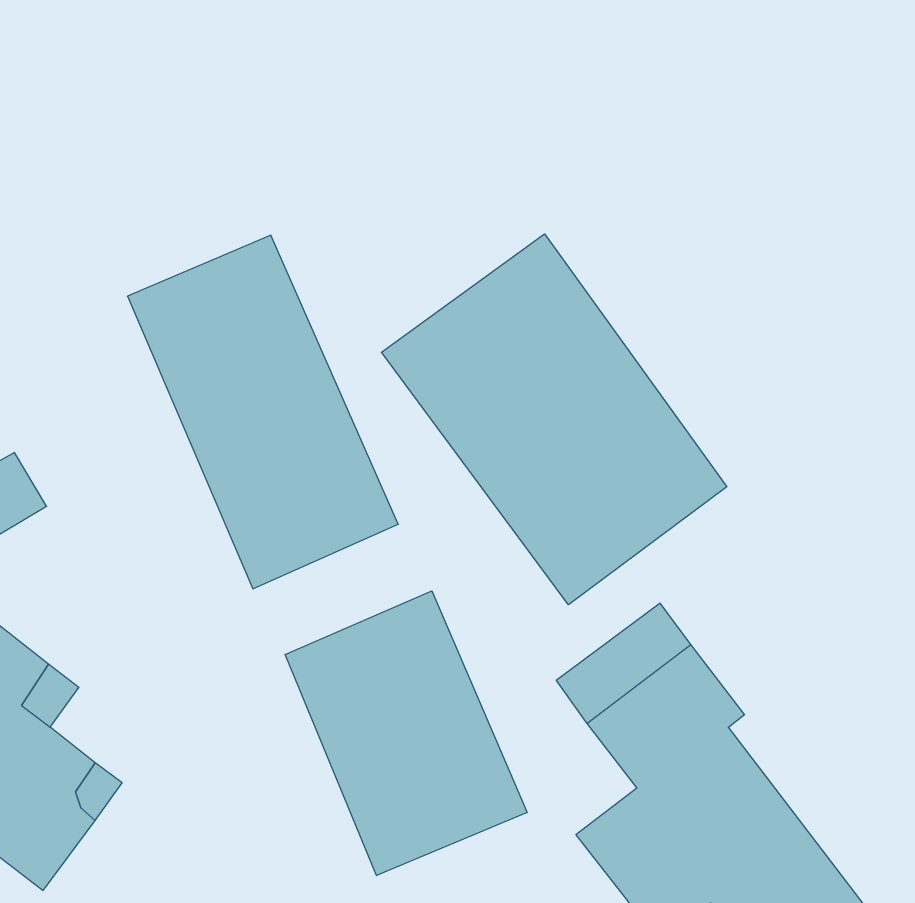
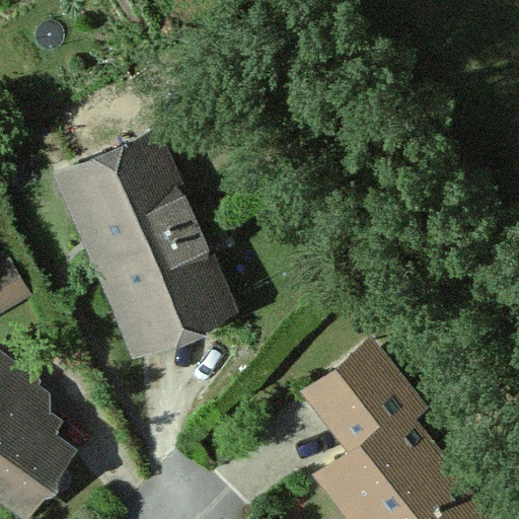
building: [381,234,727,605] -> none
building: [285,591,527,876] -> none

